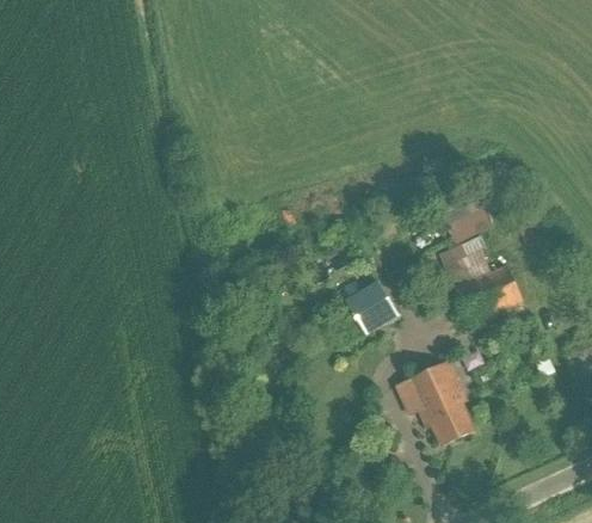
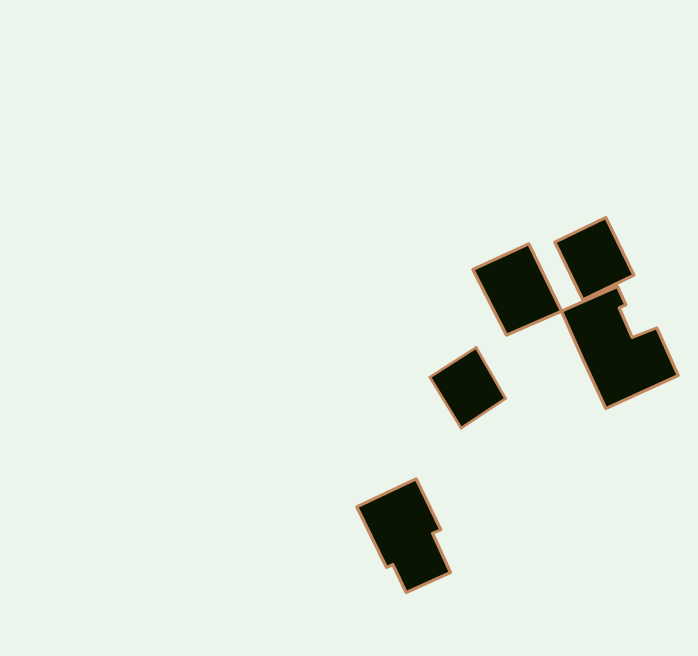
building: none -> [473,244,562,335]
building: [407,361,475,443] -> [357,479,451,592]

